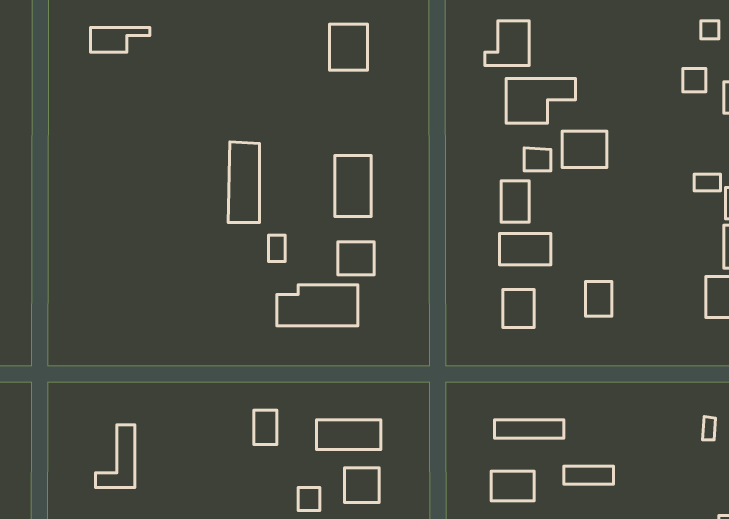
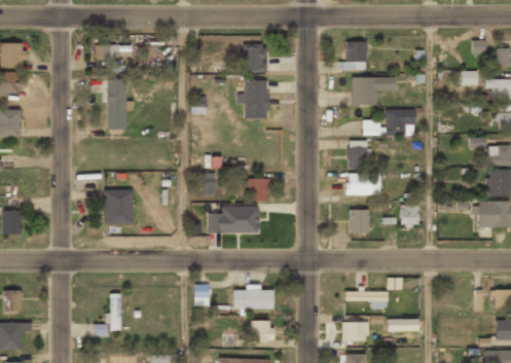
building: [228,142,259,223] -> [107,79,126,130]
building: [335,155,371,217] -> [245,81,267,119]
building: none -> [104,190,133,223]

